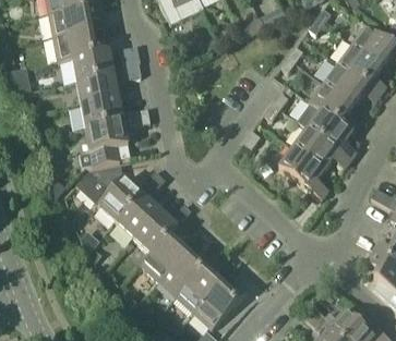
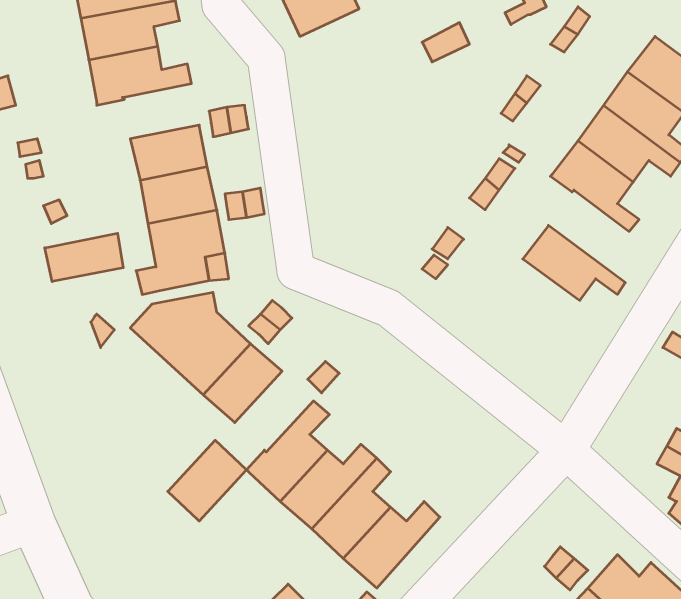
building: [71,50,113,81] -> none
building: [307,109,355,160] -> none
building: none -> [45,233,123,282]
building: [278,147,326,198] -> none
building: [133,209,177,254] -> [168,440,247,521]

